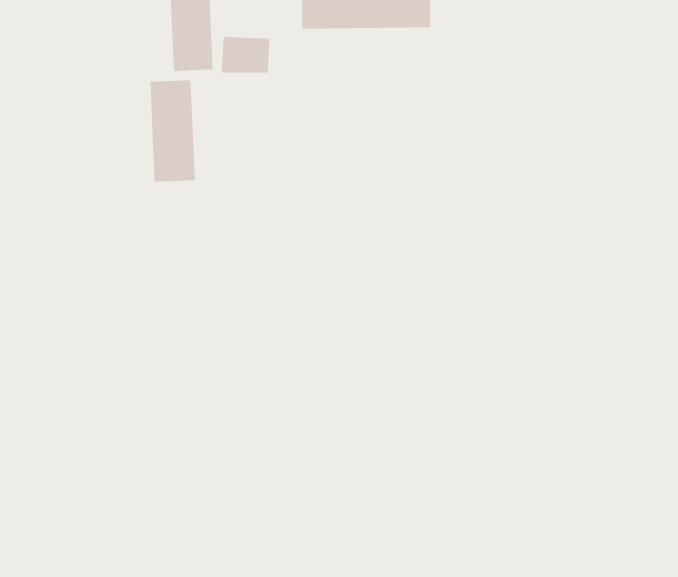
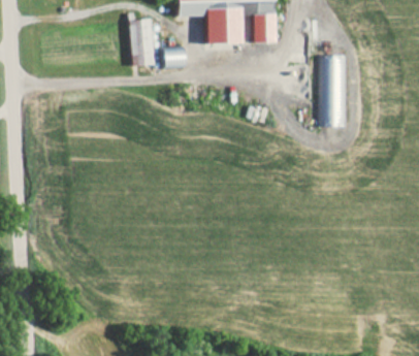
building: [150,79,195,183] -> none

